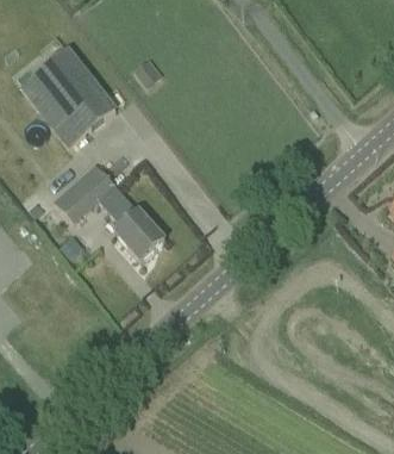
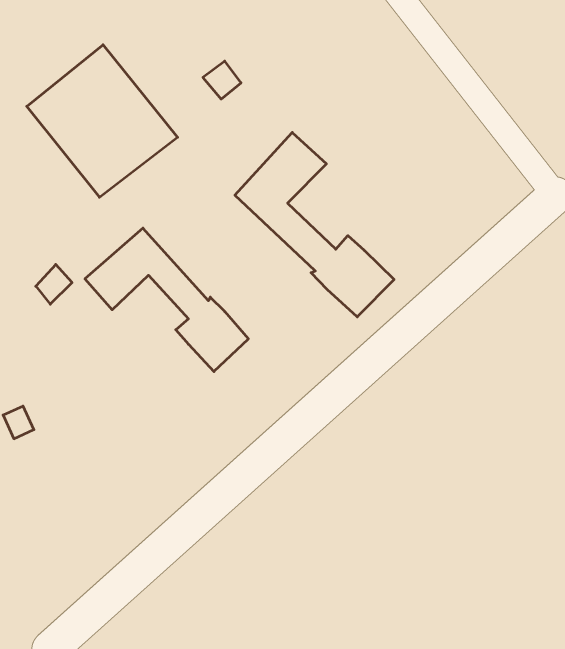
building: none -> [235,132,394,317]

